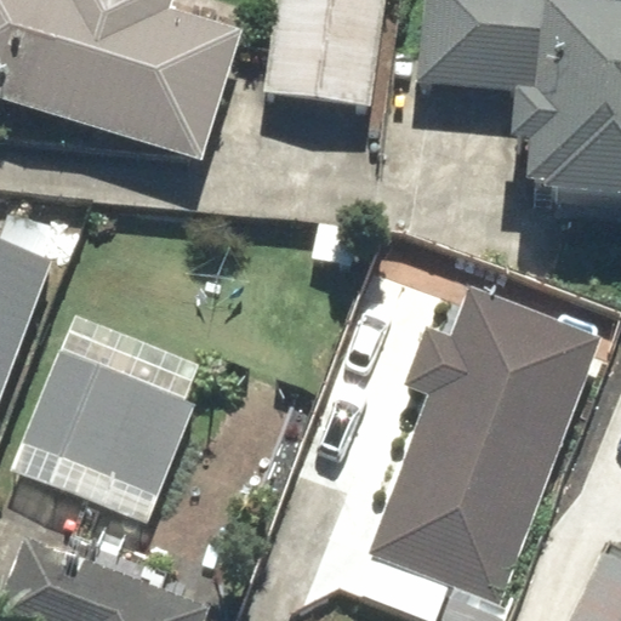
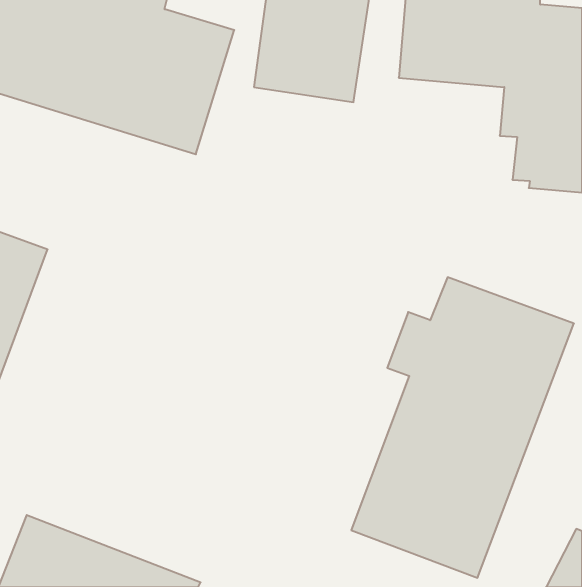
building: [22,354,195,497] -> none

